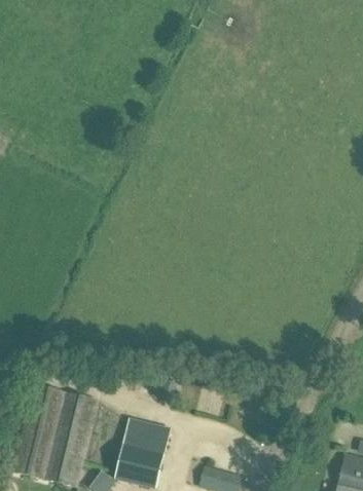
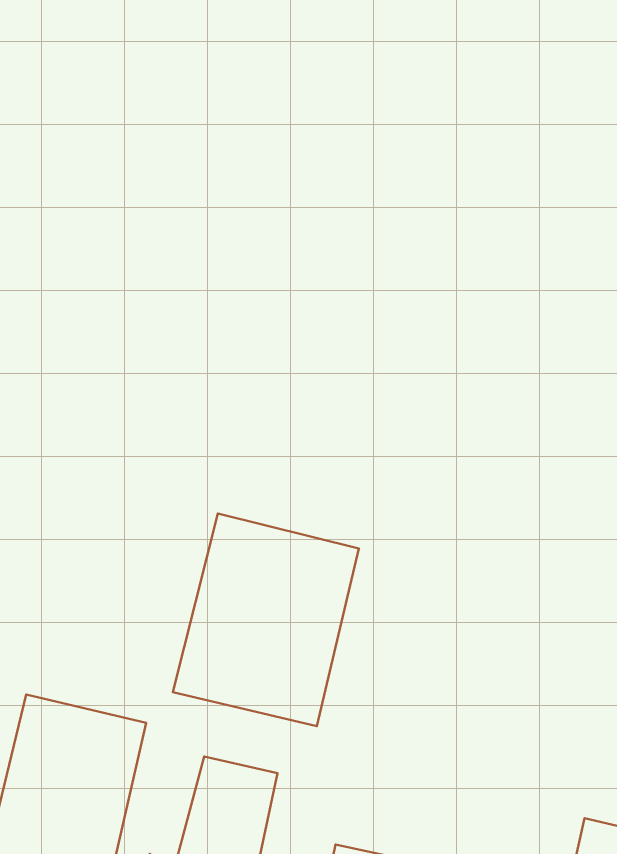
building: none -> [173,514,359,726]

